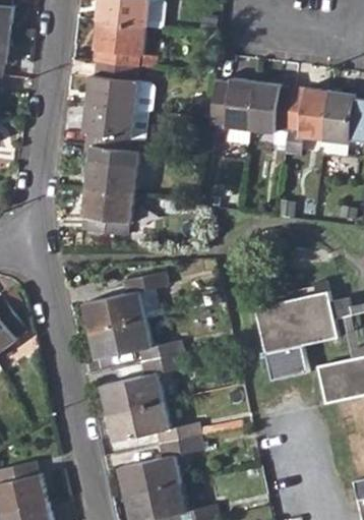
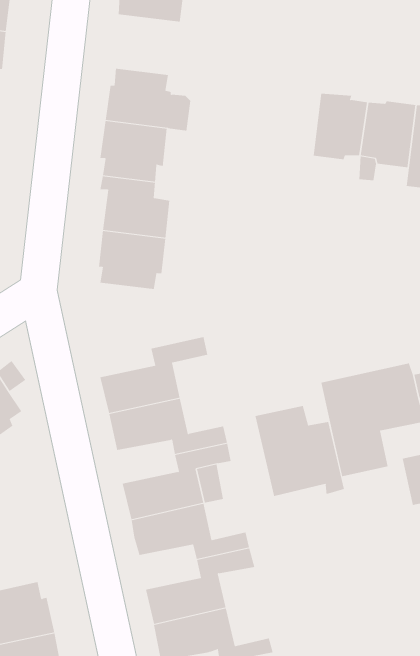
building: [94,20,146,67] -> none
building: [213,78,255,143] -> none
building: none -> [255,405,344,497]

